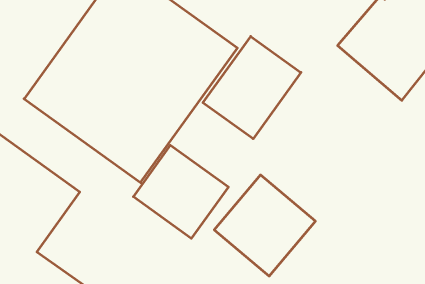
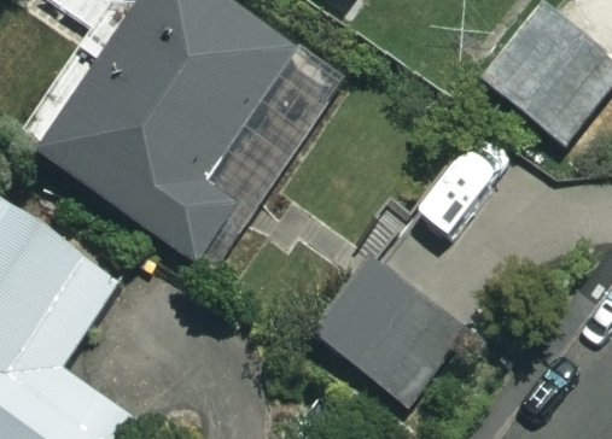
building: [203,36,301,139] -> none
building: [133,145,228,238] -> none

